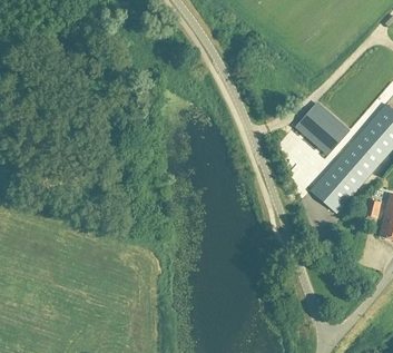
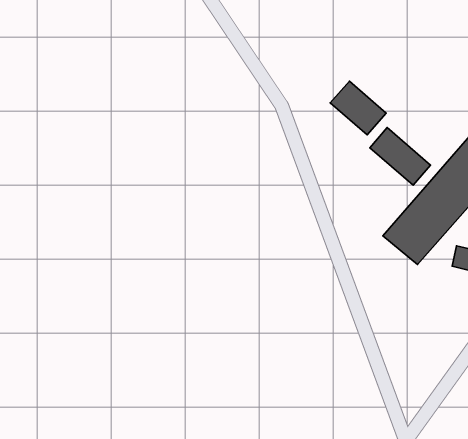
building: none -> [330,81,386,135]

